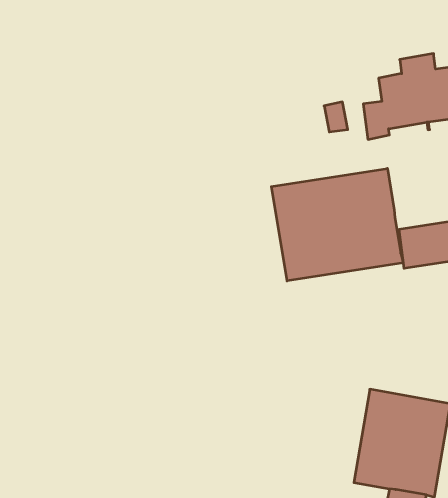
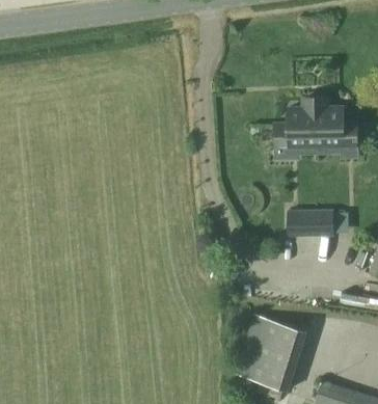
building: [271,168,403,281] -> none

